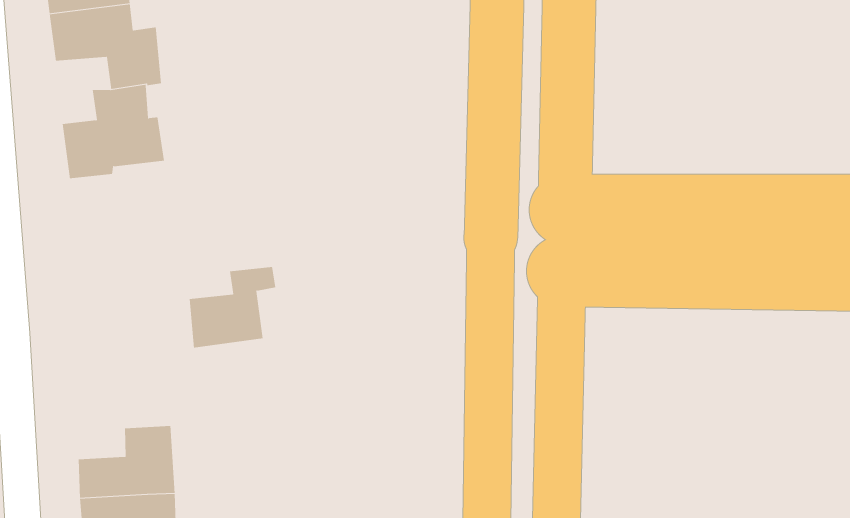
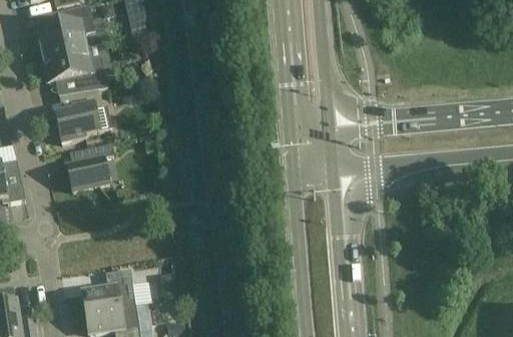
building: [189,266,276,348] -> [66,141,112,190]

